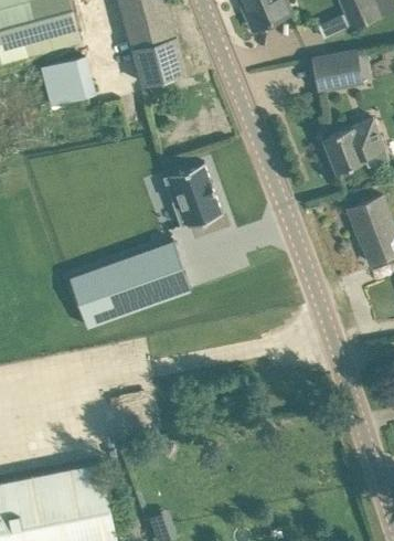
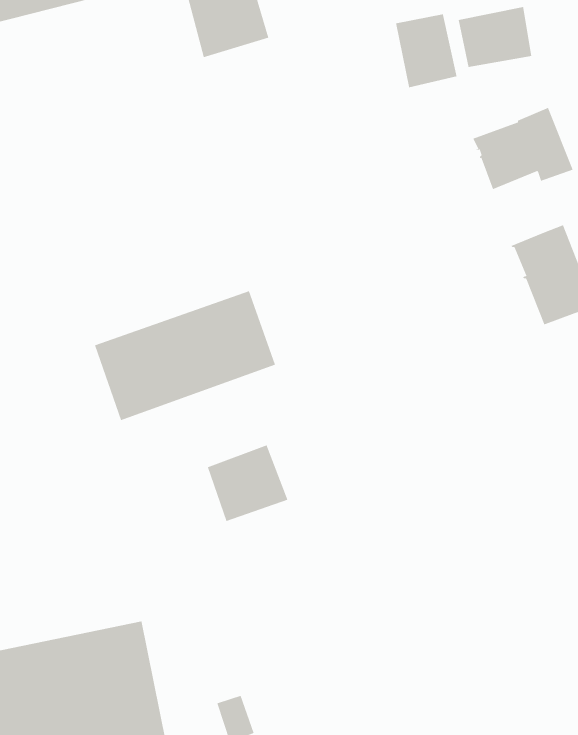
building: none -> [396,14,457,88]
building: [42,57,94,106] -> none
building: [164,162,222,226] -> none
building: none -> [207,444,288,522]

